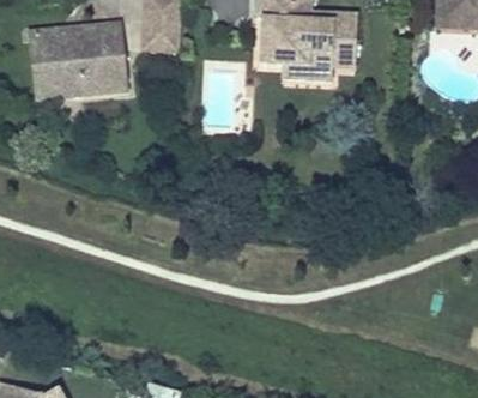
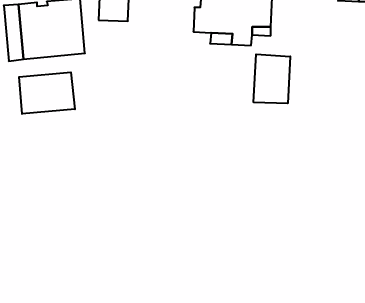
building: none -> [254,54,290,103]
building: none -> [19,72,75,114]

